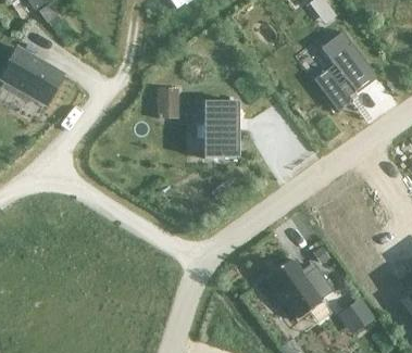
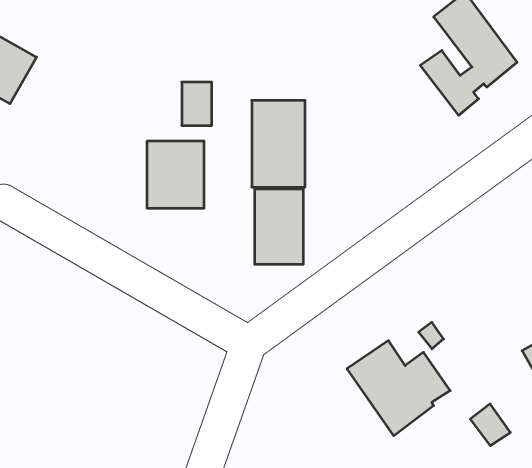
building: none -> [147,141,204,208]
building: none -> [255,189,303,264]

